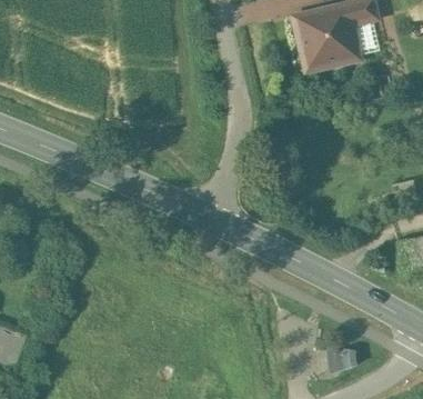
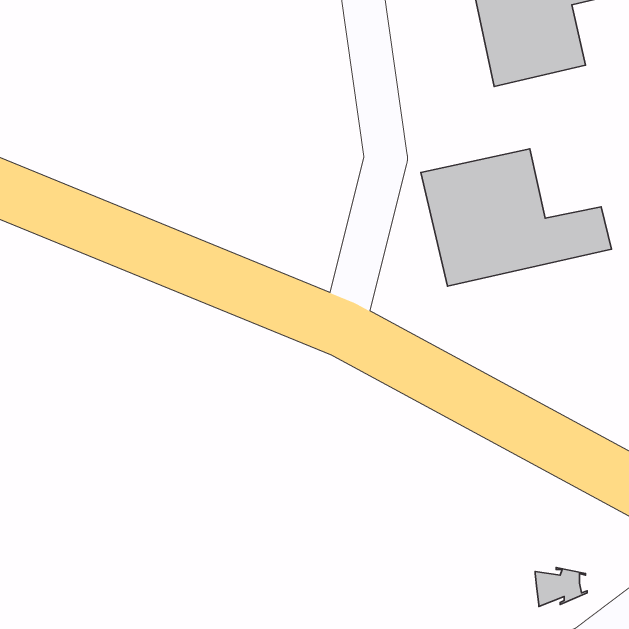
building: none -> [421,149,611,286]

